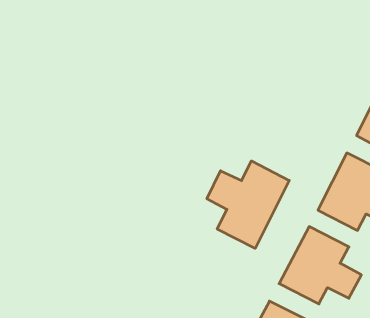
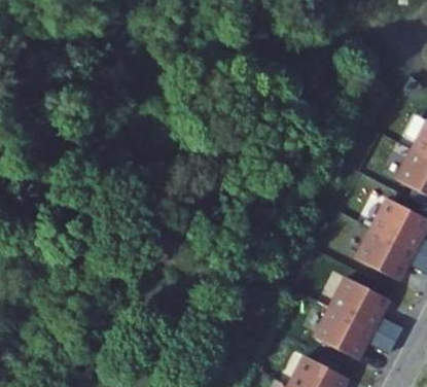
building: [207,161,289,248] -> none

